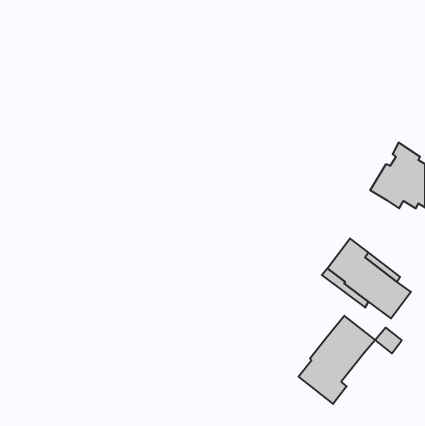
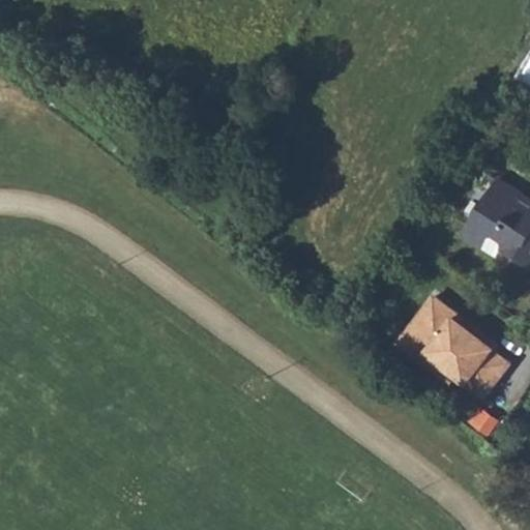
building: [299,316,375,404] -> none

